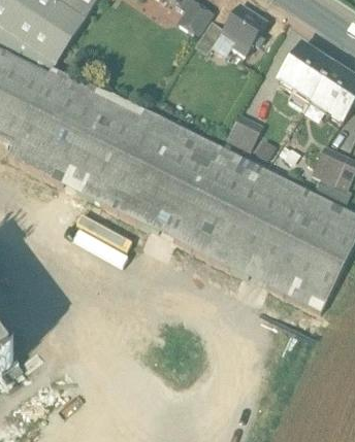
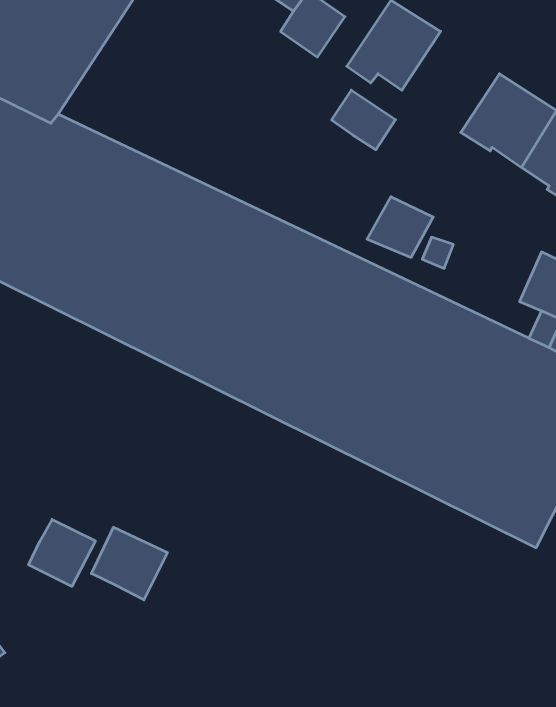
building: none -> [332,90,396,150]
building: none -> [29,519,95,586]
building: none -> [91,527,167,600]

